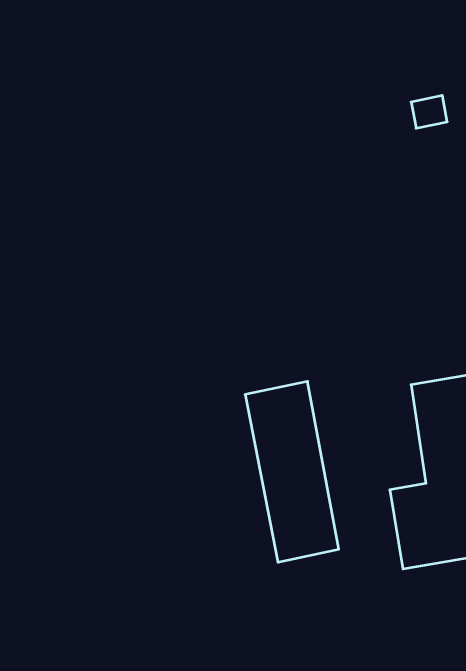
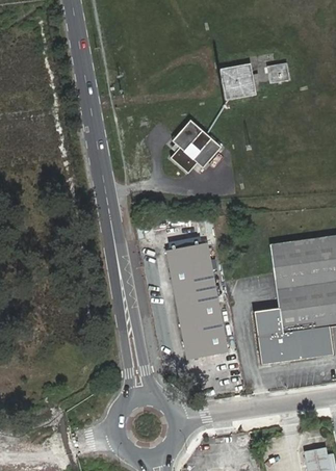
building: none -> [221,64,263,101]
building: none -> [170,121,223,173]

